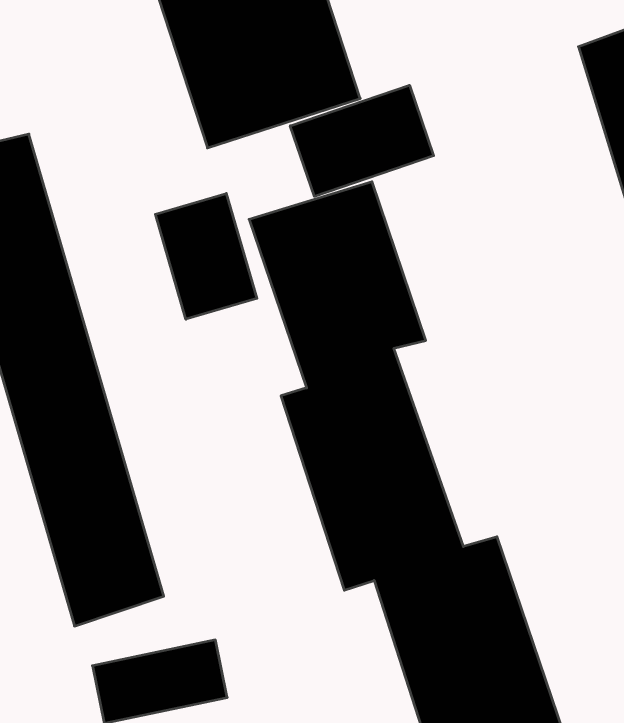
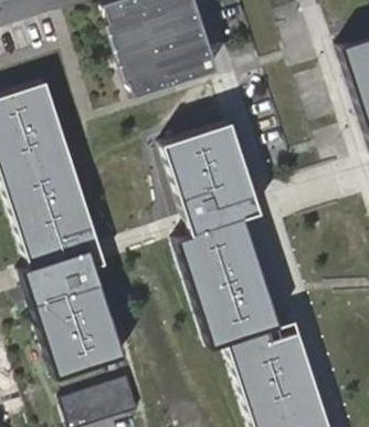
building: [290,85,434,196] -> none
building: [155,193,257,319] -> none

